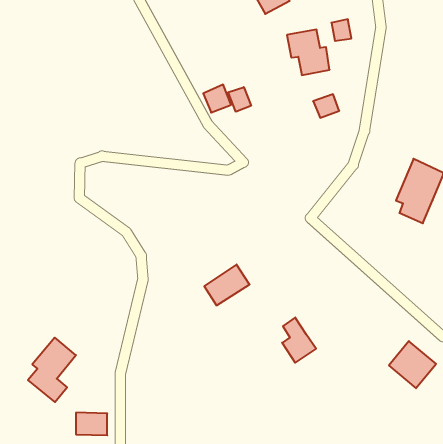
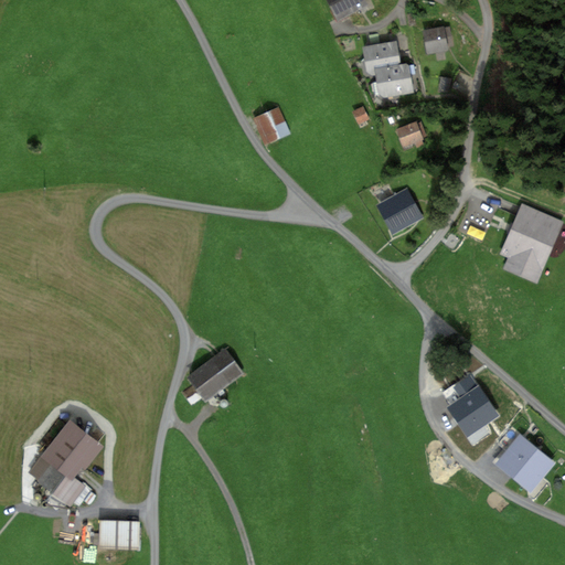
building: [228,87,251,112] -> none
building: none -> [374,186,423,233]
building: [204,264,250,305] -> [186,349,244,401]
building: [282,317,316,363] -> [448,373,491,430]

